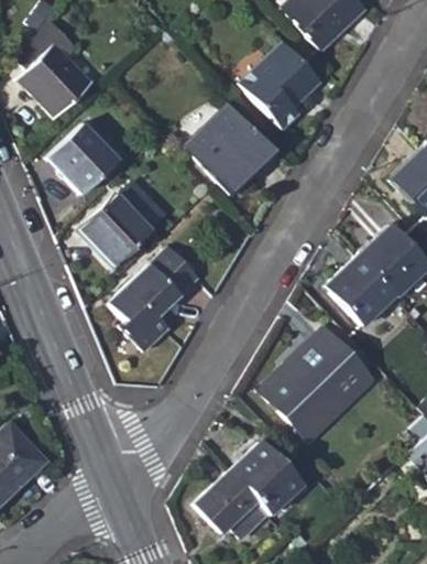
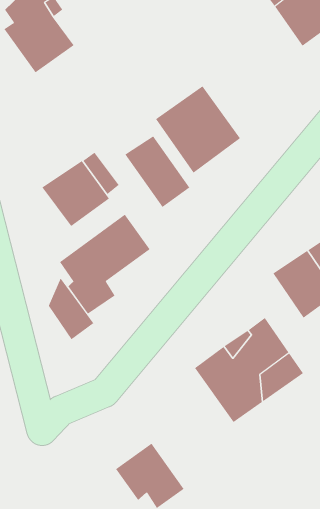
building: [240,42,320,129] -> none
building: [48,122,119,194] -> none
building: none -> [125,136,190,208]
building: none -> [48,277,94,340]
building: [229,440,305,517] -> none

